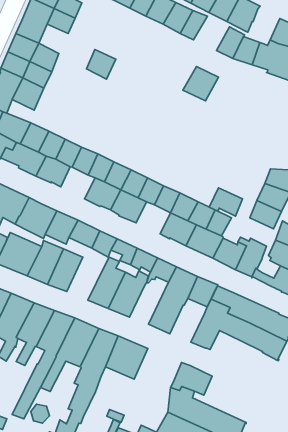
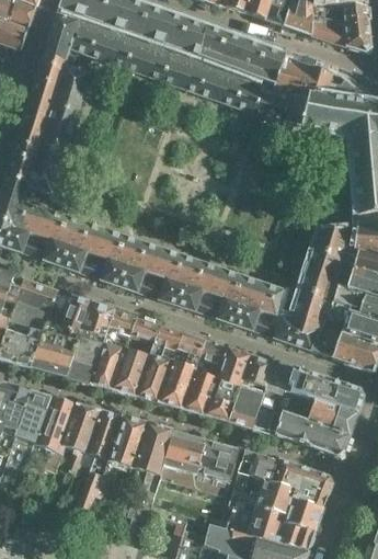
building: none -> [271,56,308,94]
building: [86,50,116,79] -> [49,99,80,129]
building: [183,67,218,101] -> [217,70,254,106]
building: none -> [91,251,127,284]
building: [209,188,242,216] -> [293,284,328,312]
building: none -> [177,280,214,312]
building: none -> [111,346,149,393]
building: none -> [182,360,220,412]
building: none -> [228,387,263,426]
building: none -> [274,410,348,454]
building: none -> [195,438,239,482]
building: none -> [261,460,332,506]

